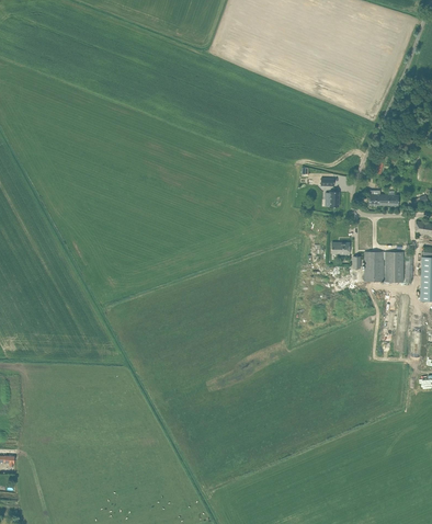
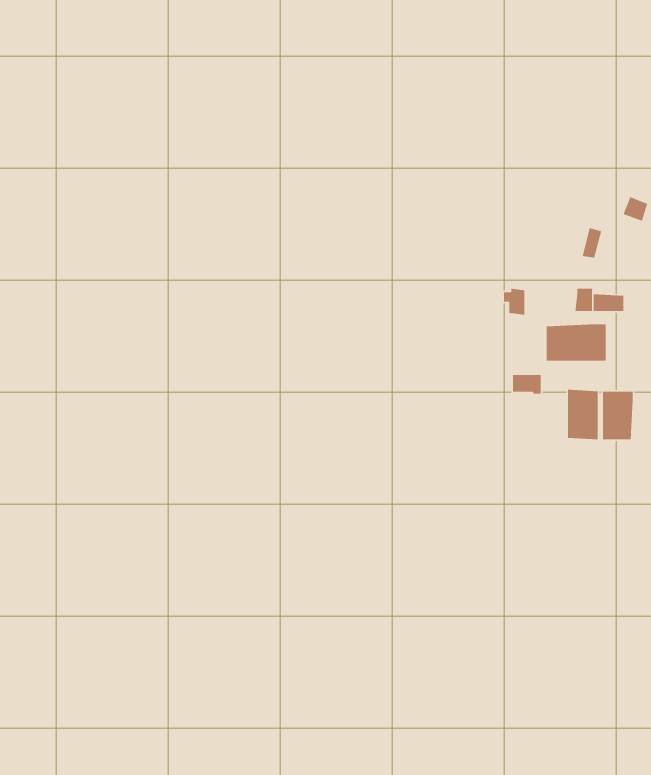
building: none -> [546,324,606,361]

